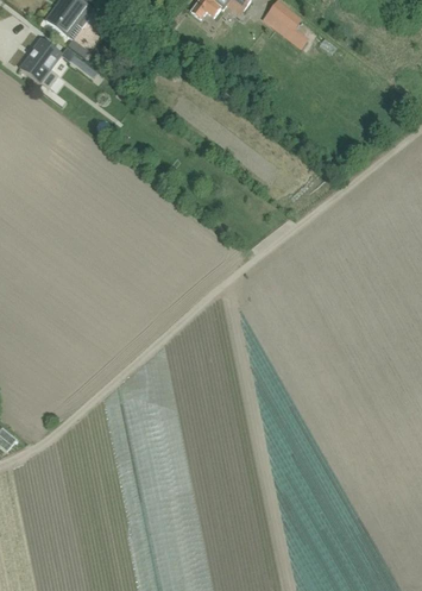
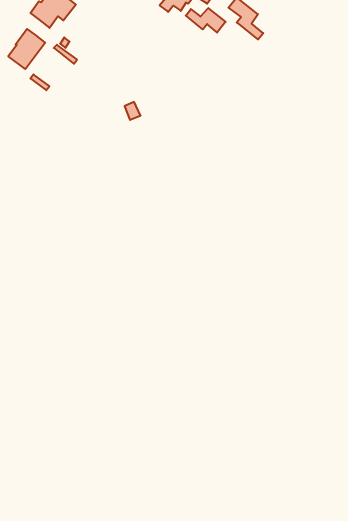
building: none -> [186,8,226,33]

